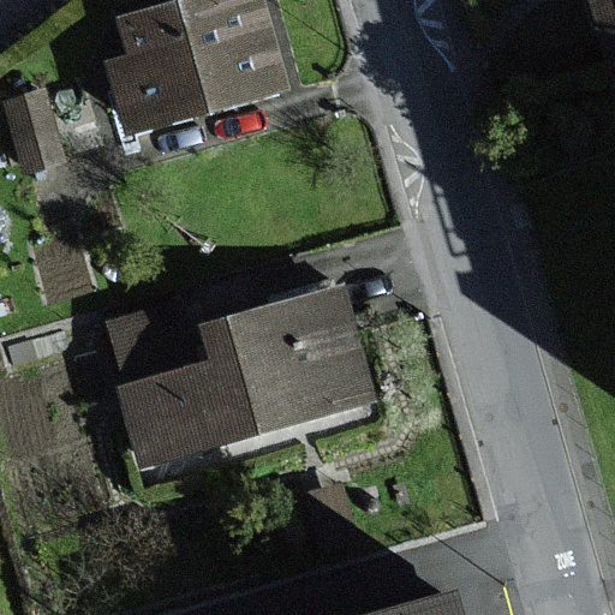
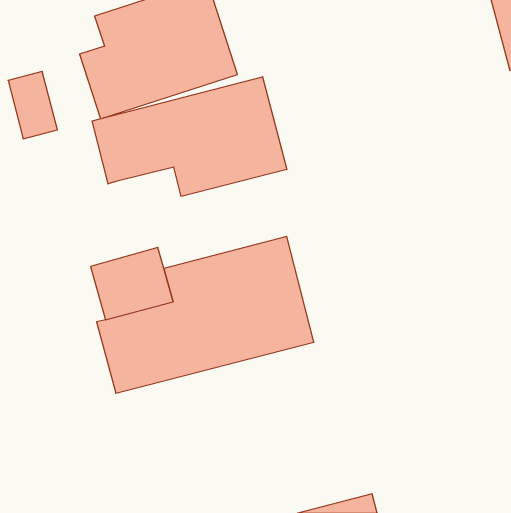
building: none -> [92,77,287,196]

